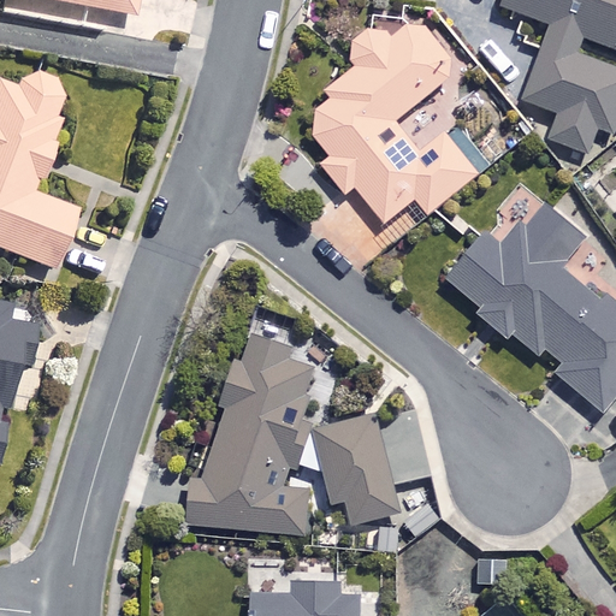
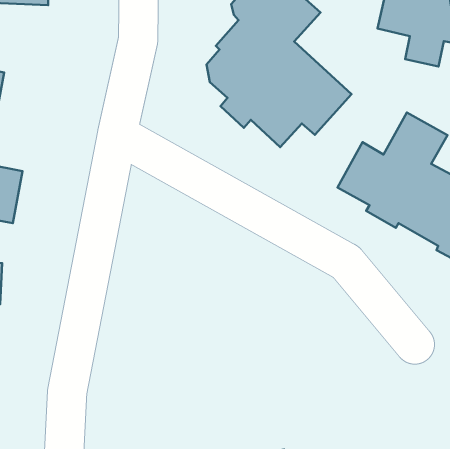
building: [185,338,314,537] -> none
building: [319,416,399,526] -> none

